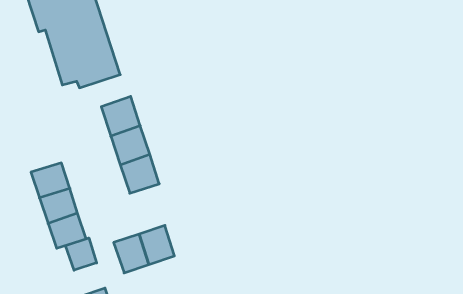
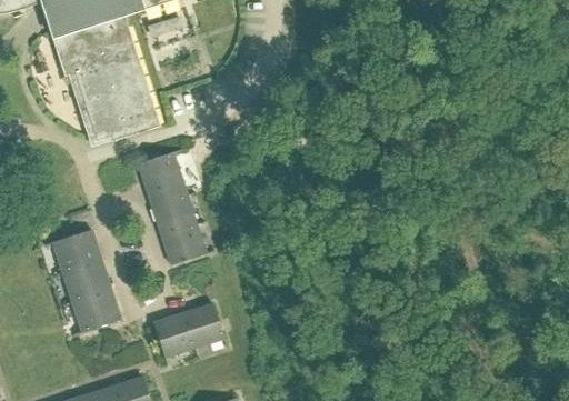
building: [66,238,97,270] -> none

